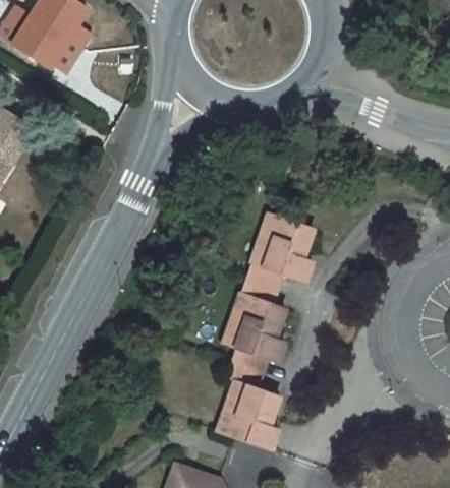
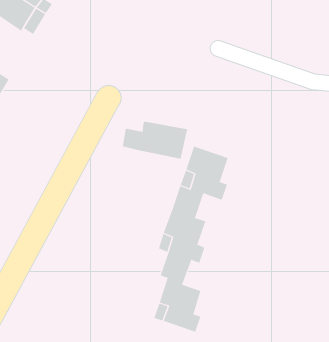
building: none -> [122,121,188,159]

